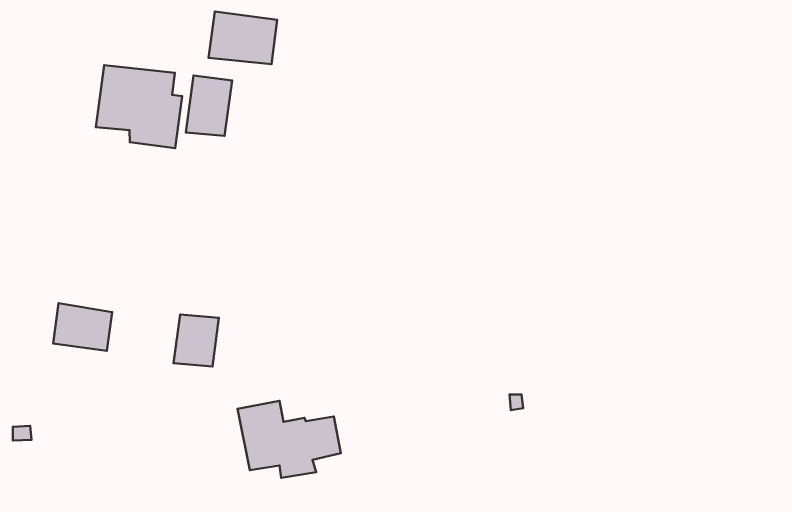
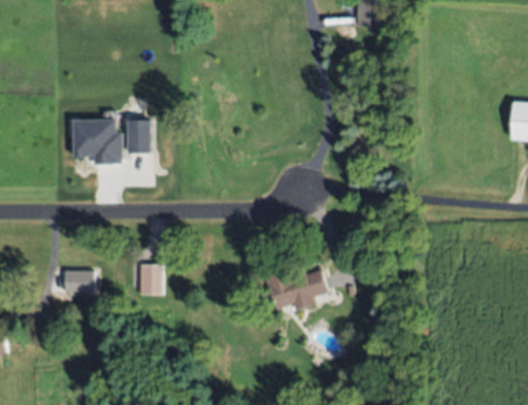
building: [209,12,277,64] -> none
building: [237,401,341,478] -> [263,264,329,310]

